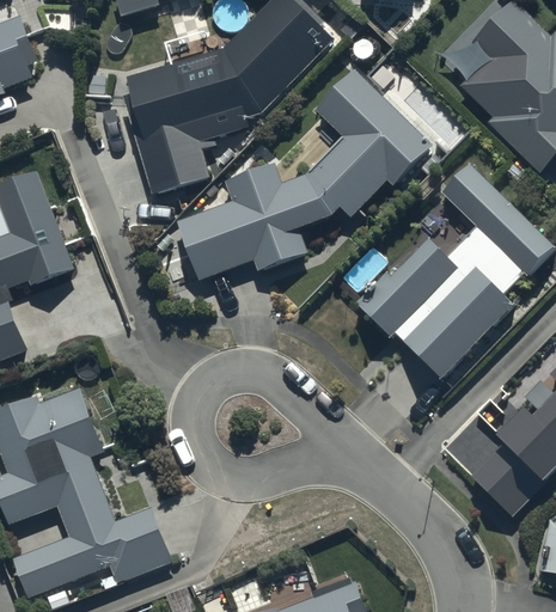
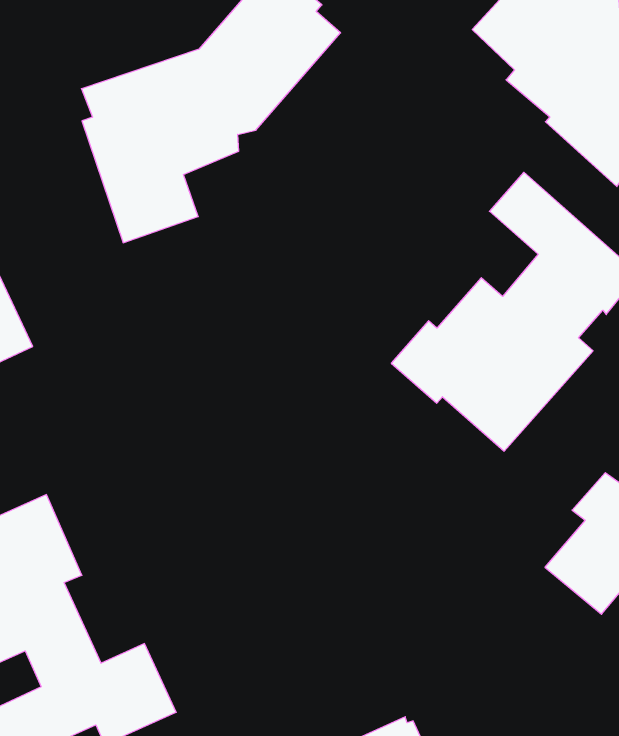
building: [176,71,433,281] -> none

